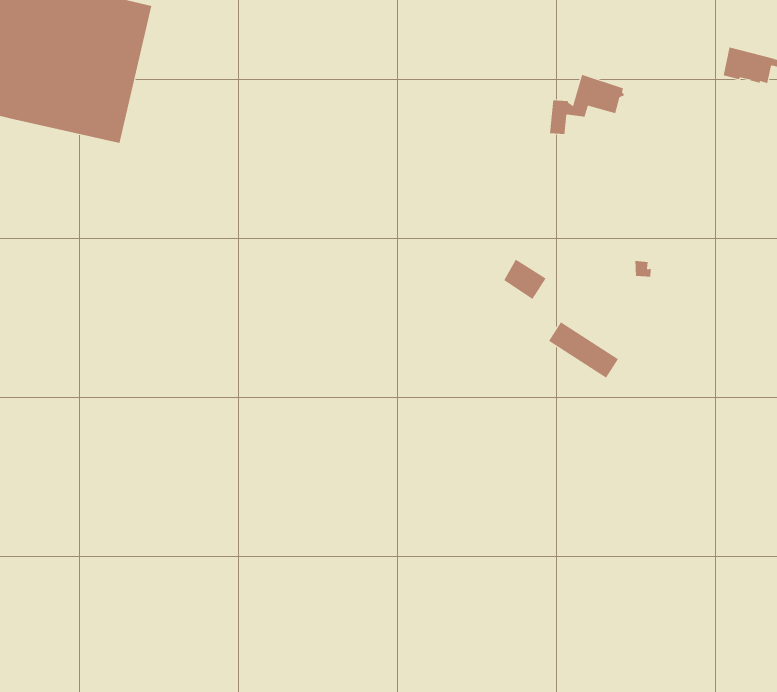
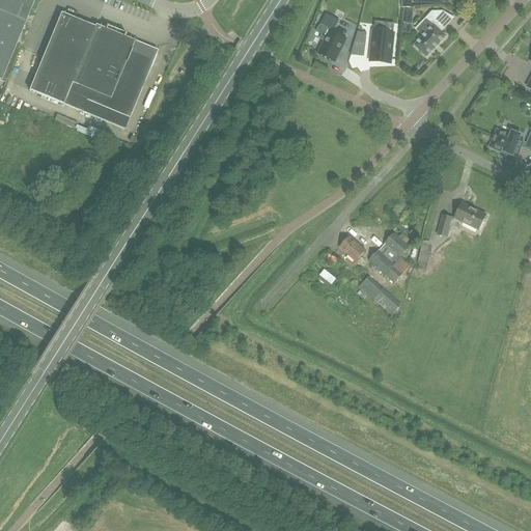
building: [549,74,625,134] -> [437,201,485,235]
building: none -> [368,231,410,282]

